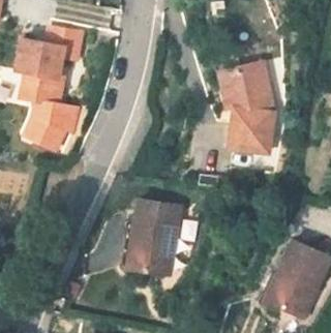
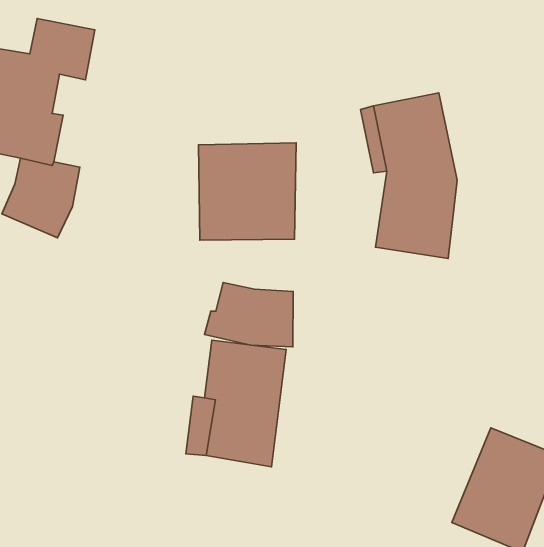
building: none -> [198,143,296,240]
building: none -> [204,283,293,347]

